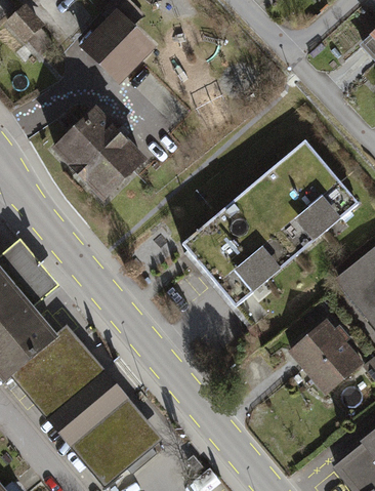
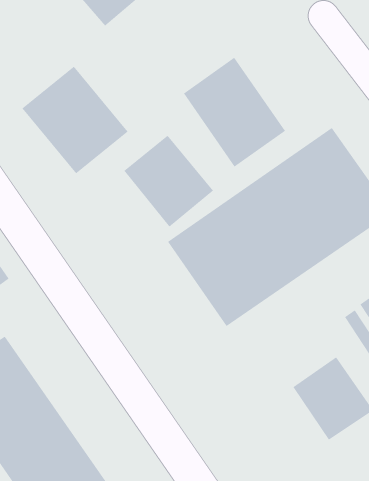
building: none -> [183,57,286,168]
building: none -> [124,135,214,228]

